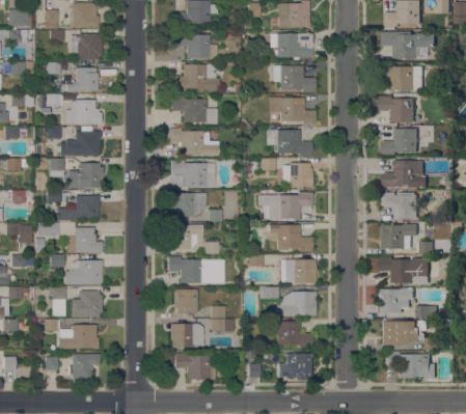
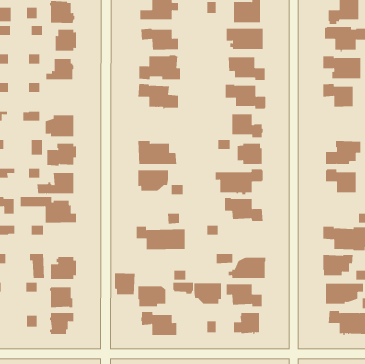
building: [66,100,102,123] -> none
building: [168,128,219,155] -> none
building: [383,129,418,157] -> none
building: [168,224,203,249] -> none
building: [383,225,412,248] -> none
building: [281,259,317,285] -> none
building: [66,260,103,284] -> none
building: [174,288,198,313] -> [114,273,135,295]
building: none -> [194,283,221,304]

